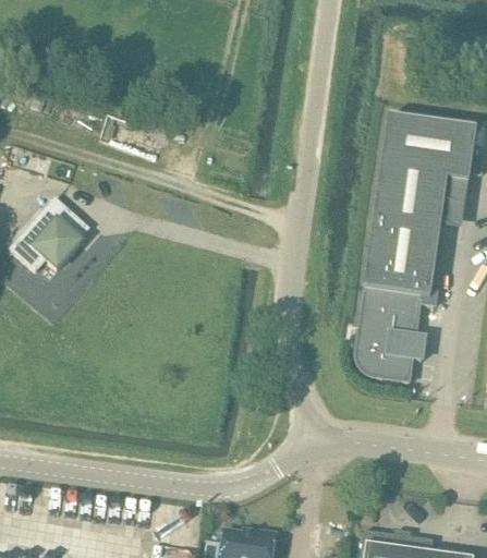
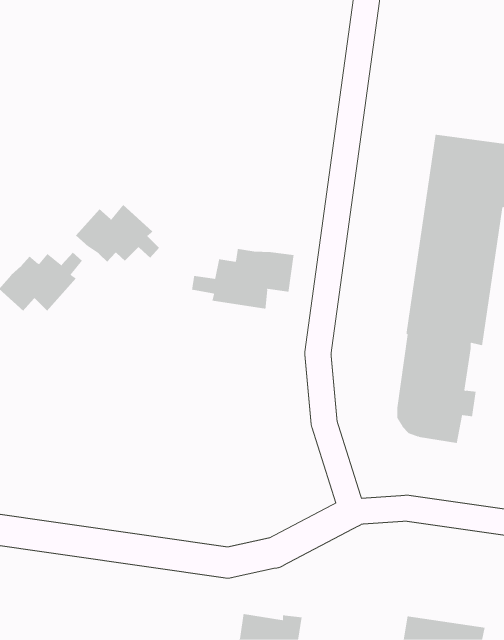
building: none -> [75,204,160,262]
building: none -> [191,248,294,309]

